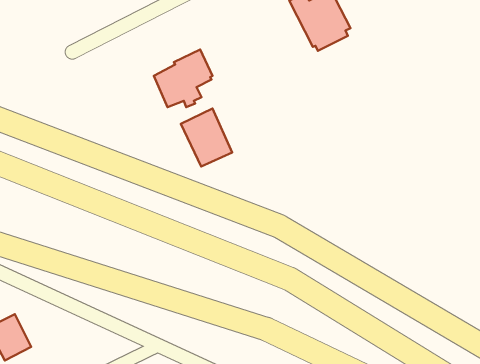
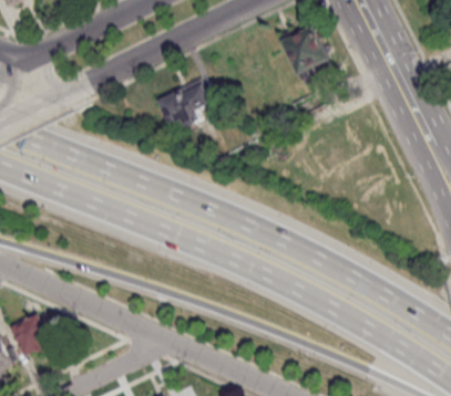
building: [181,109,232,166] -> none

